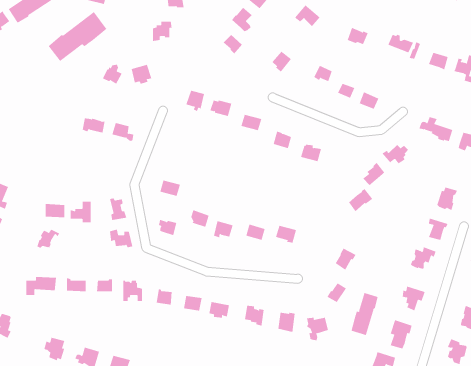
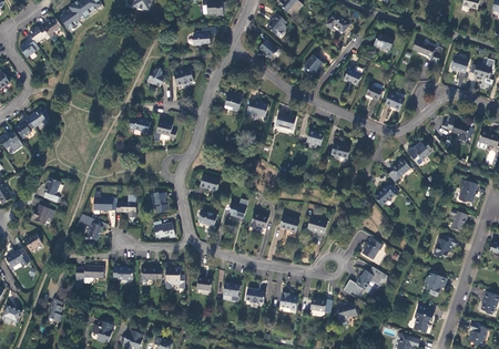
building: [48,11,107,62] -> none
building: [351,292,378,336] -> none

